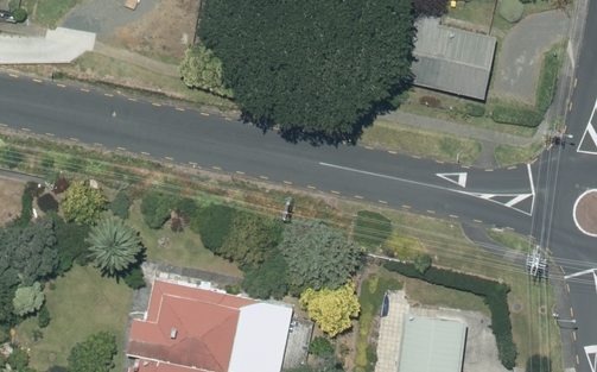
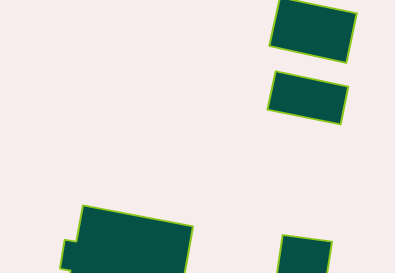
building: none -> [268,71,348,125]

